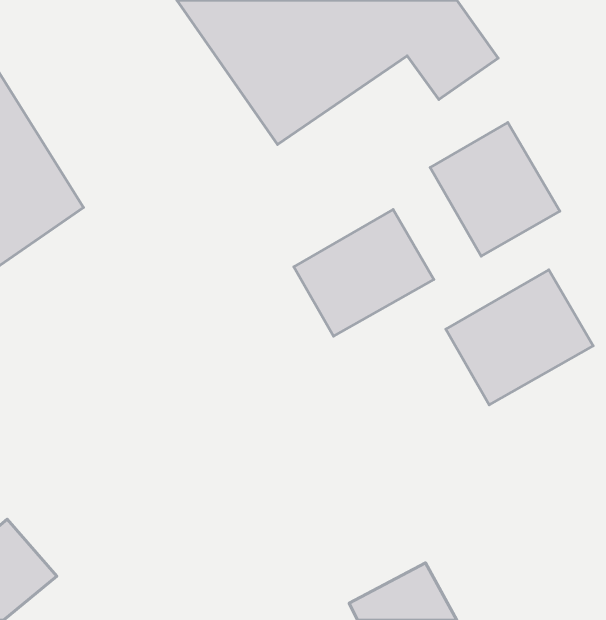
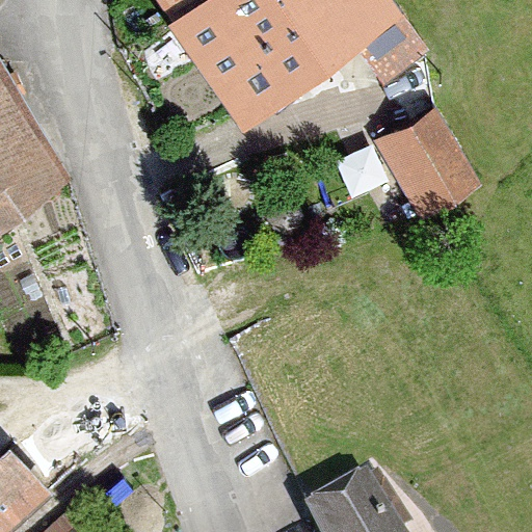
building: [294,209,434,336] -> none
building: [446,270,593,405] -> none

